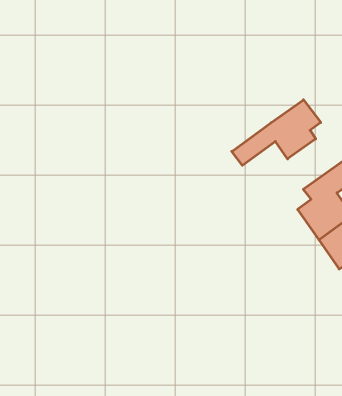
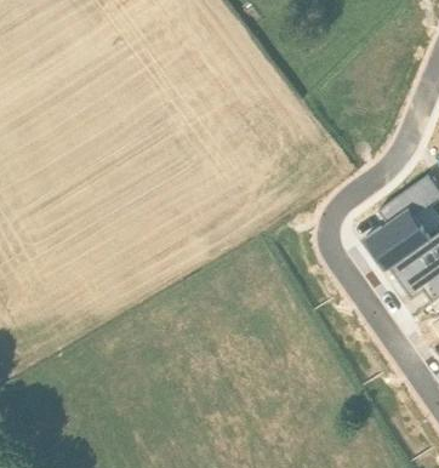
building: [232,100,321,165] -> none

